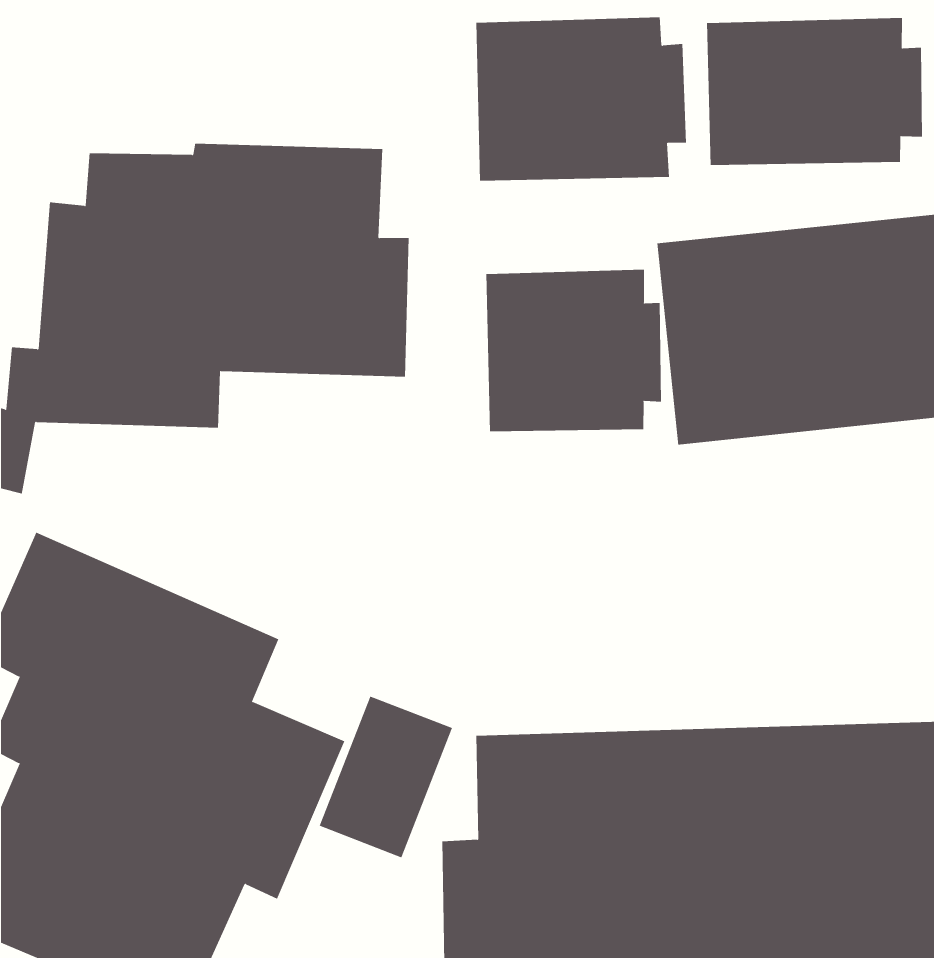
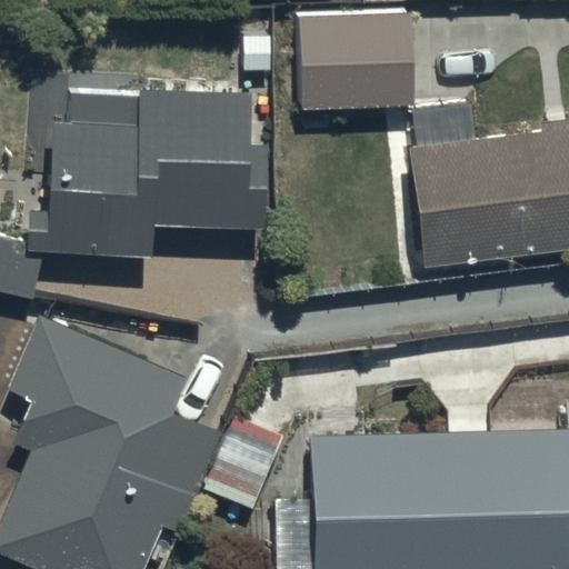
building: [707,17,922,166] -> none
building: [486,269,661,432] -> none

